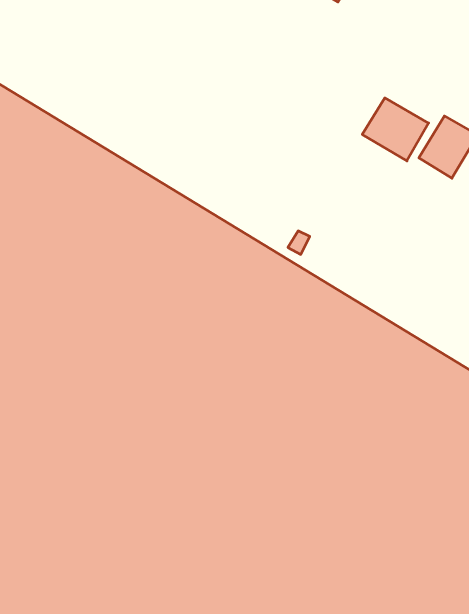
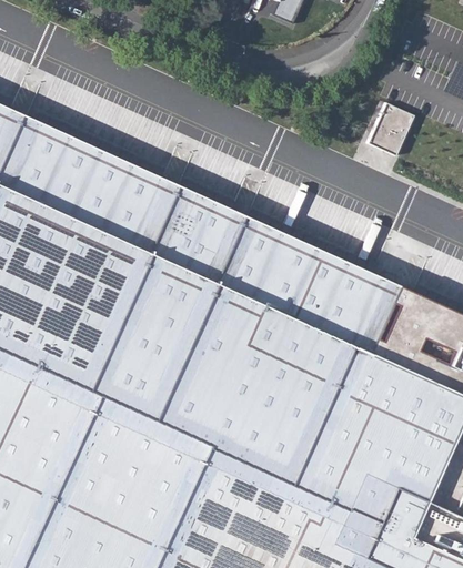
building: [362,98,429,161] -> none

